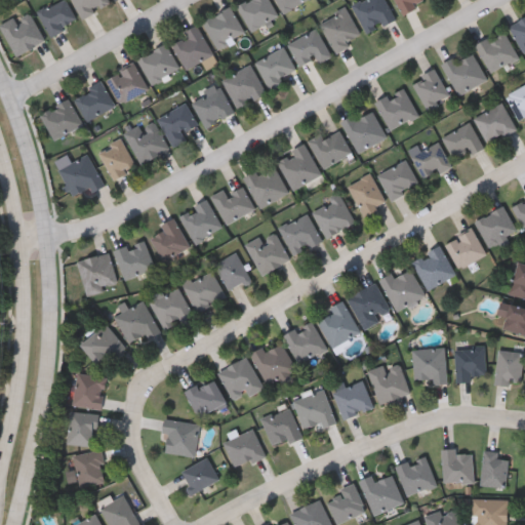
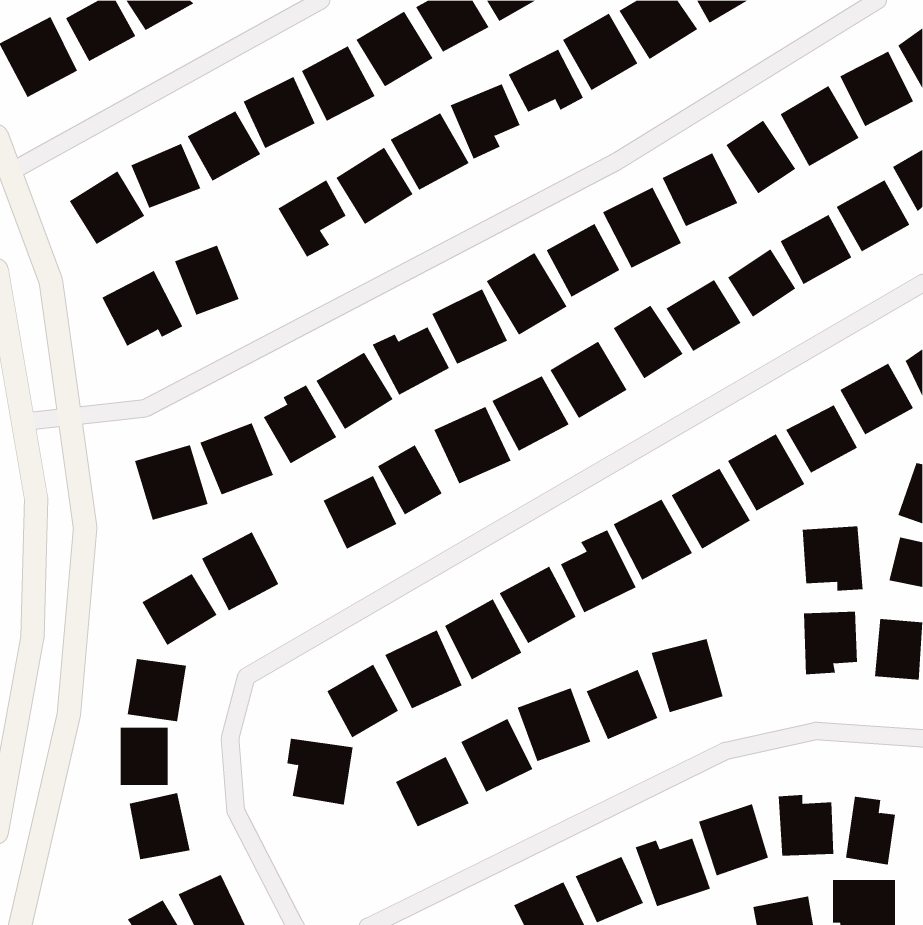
building: [125,120,167,163] -> none
building: [148,285,192,330] -> none
building: [412,348,447,385] -> [802,526,864,591]
building: [180,456,219,493] -> none

